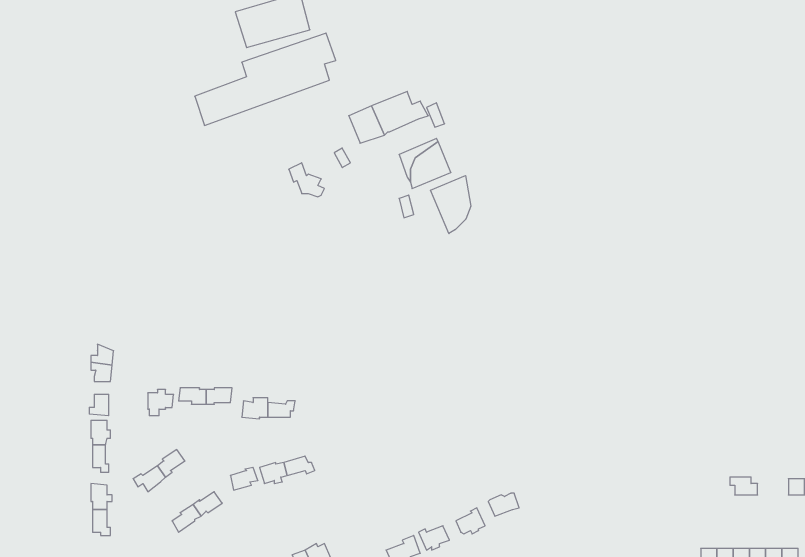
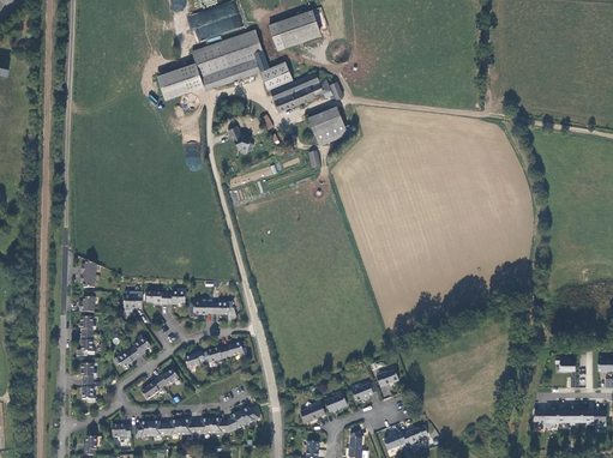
building: none -> [269,11,319,47]
building: none -> [253,50,292,90]
building: [430,176,471,234] -> none

